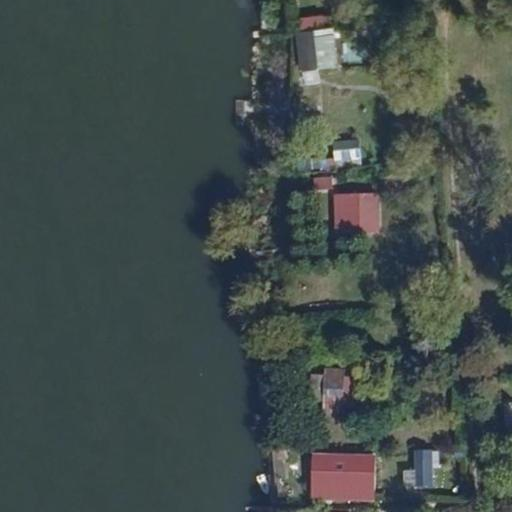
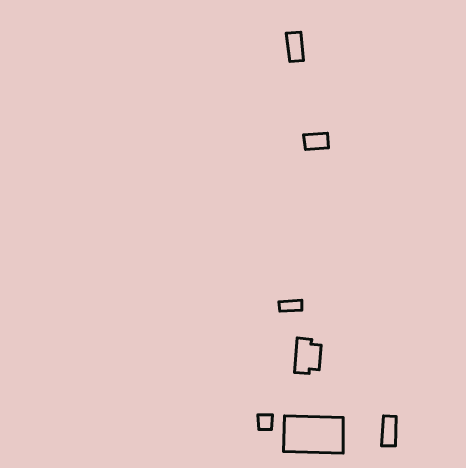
building: [334,196,378,233] -> none

